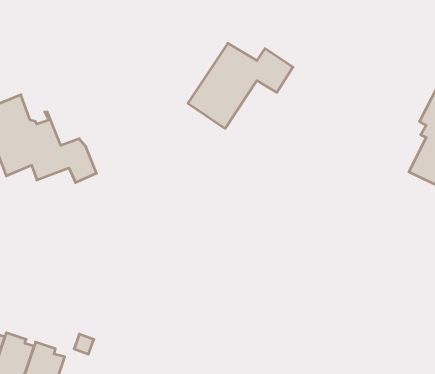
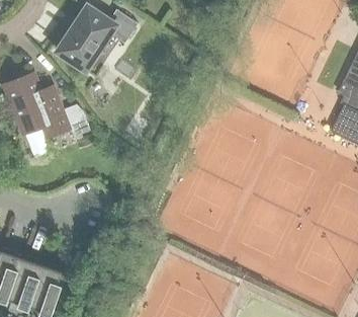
building: [188,43,293,128] -> [55,7,135,72]

